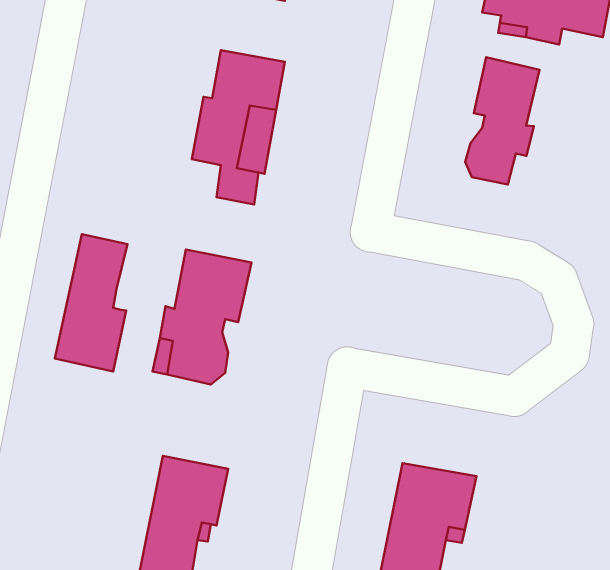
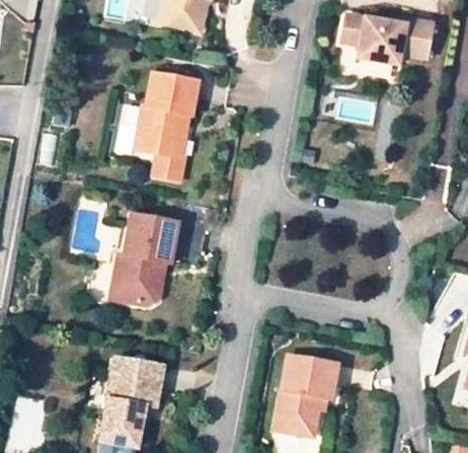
building: [465,57,539,184] -> none
building: [55,234,127,371] -> none

